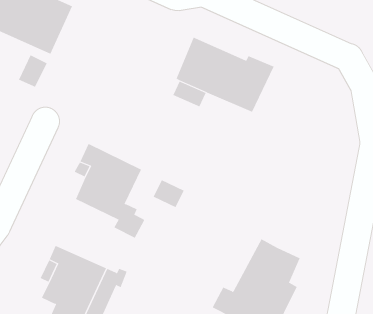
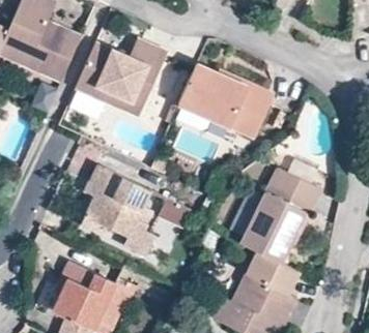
building: none -> [77,37,164,113]
building: none -> [239,168,320,263]

